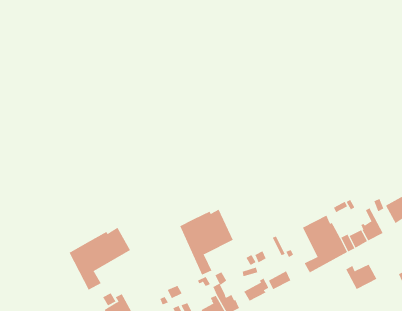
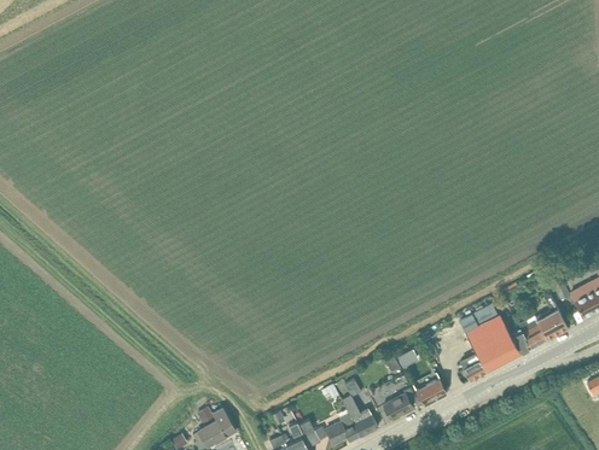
building: [179,209,234,275] -> none
building: [69,227,131,290] -> none
building: [346,264,377,290] -> none

